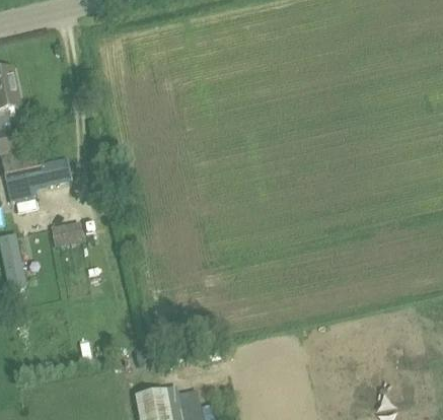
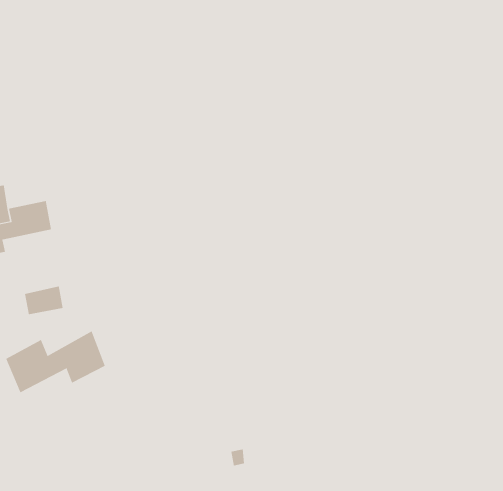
building: none -> [6,331,105,393]

